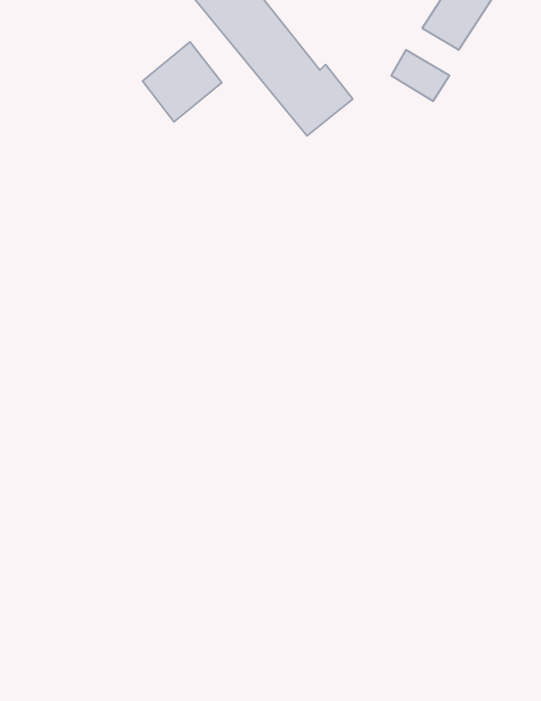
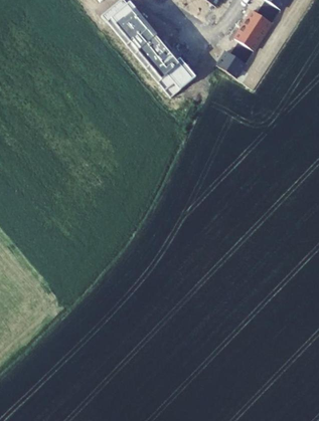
building: [142,42,222,122] -> none

